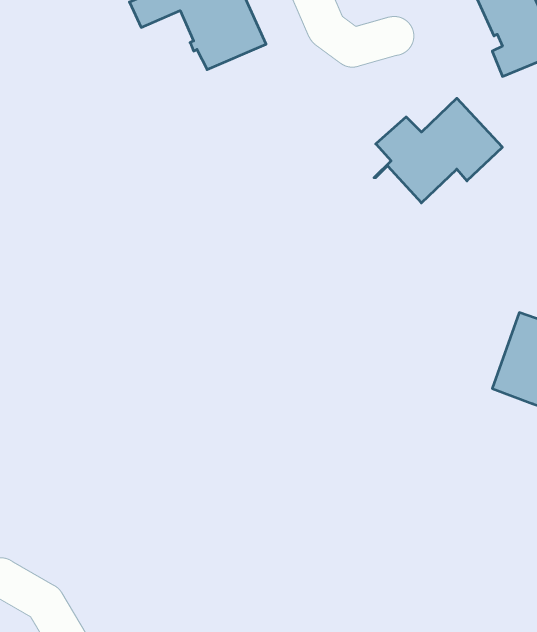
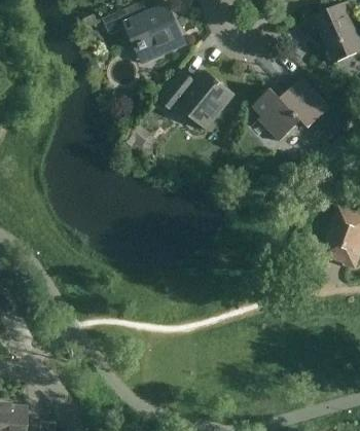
building: none -> [157,68,235,129]

